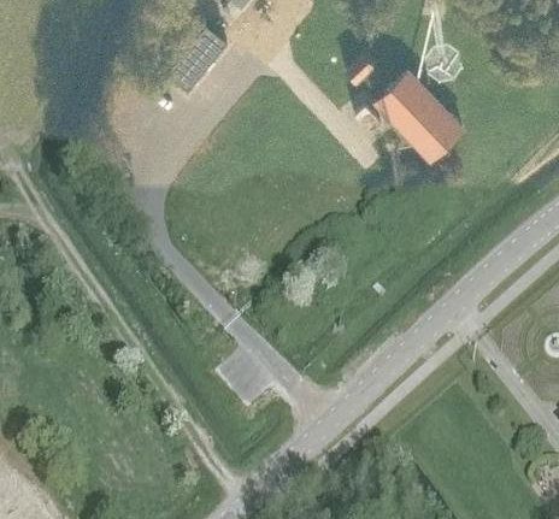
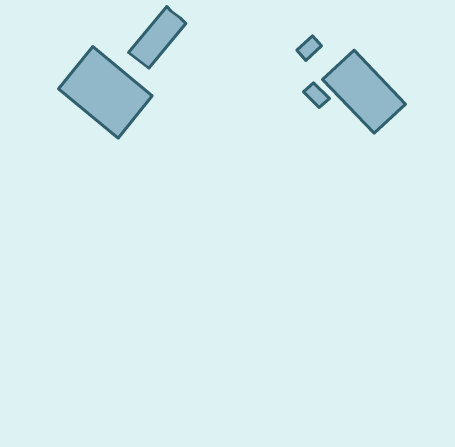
building: none -> [59,46,152,138]

